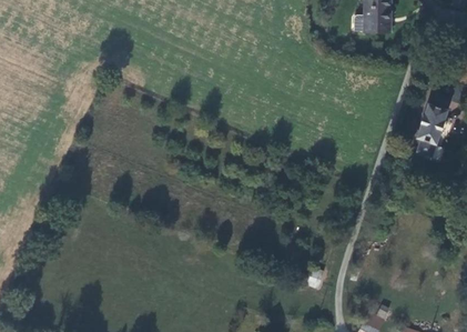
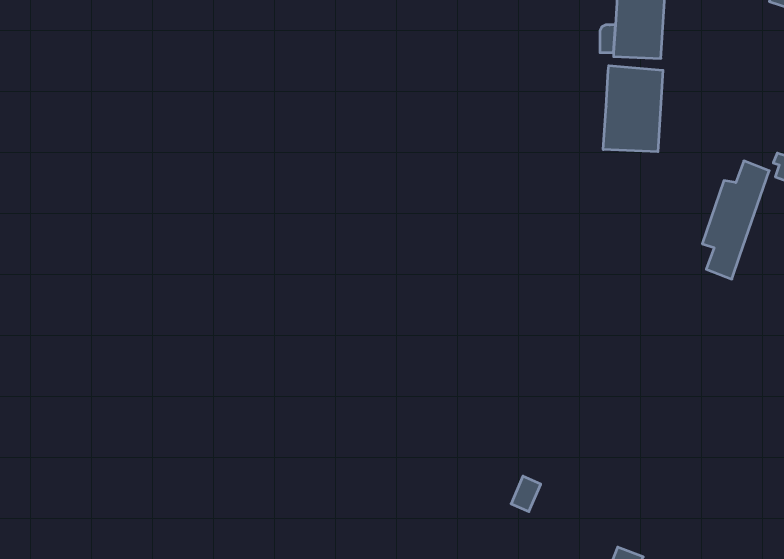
building: none -> [603,66,663,152]

